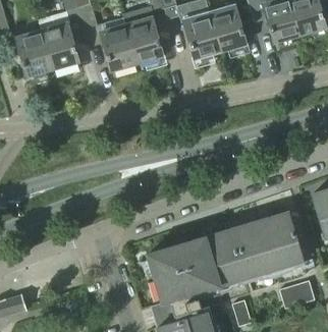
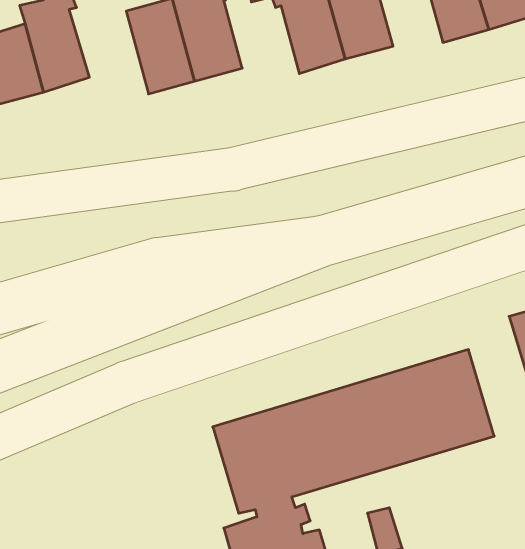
building: [279,280,315,308] -> none

